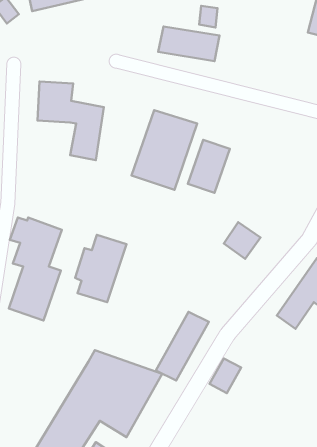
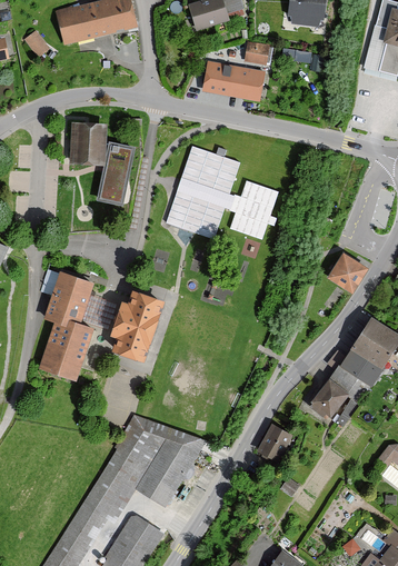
building: [224,222,261,259] -> [326,251,366,291]
building: [156,312,209,381] -> none
building: none -> [306,375,352,423]

